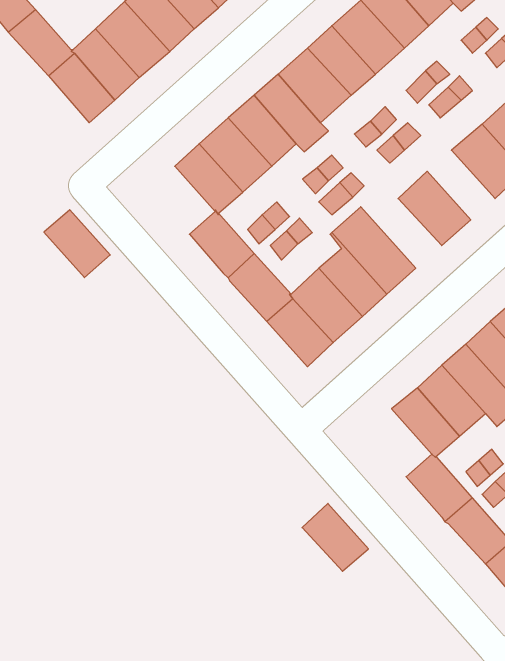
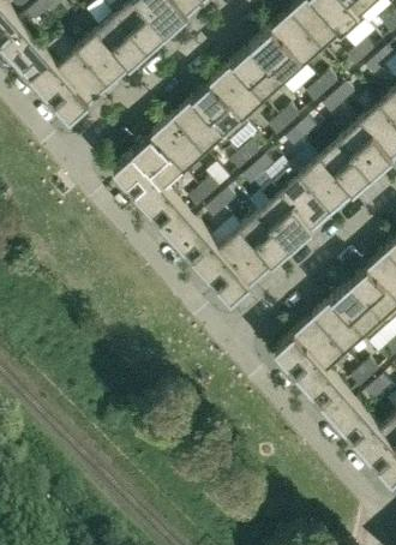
building: none -> [323,140,373,192]
building: none -> [274,167,334,228]
building: [44,210,110,278] -> [116,152,166,203]
building: [302,503,368,571] -> [277,333,326,383]

